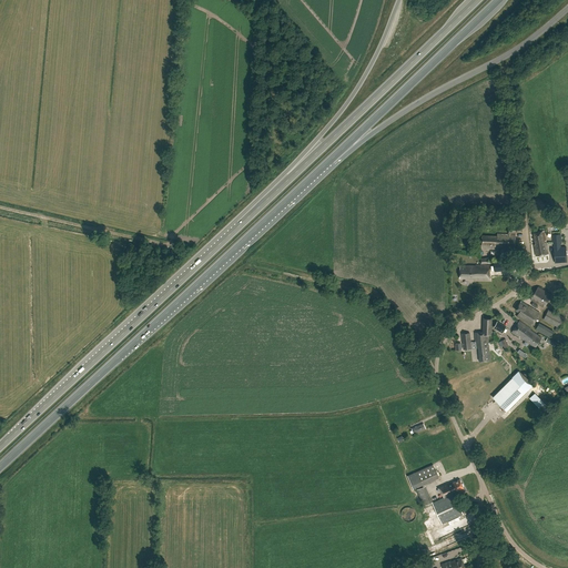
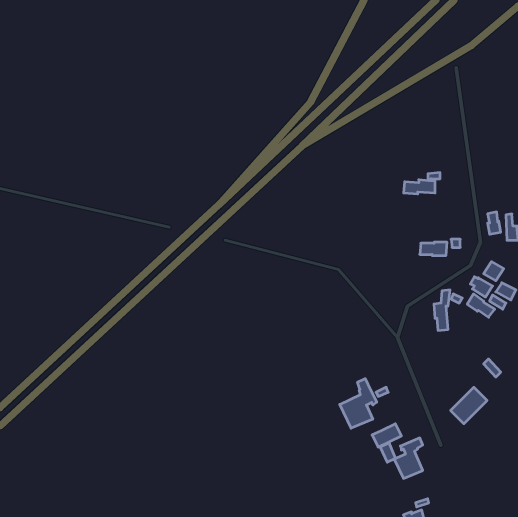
building: [480,226,520,250] -> [404,173,440,194]
building: [493,372,532,412] -> [451,387,487,424]
building: none -> [340,379,377,428]

